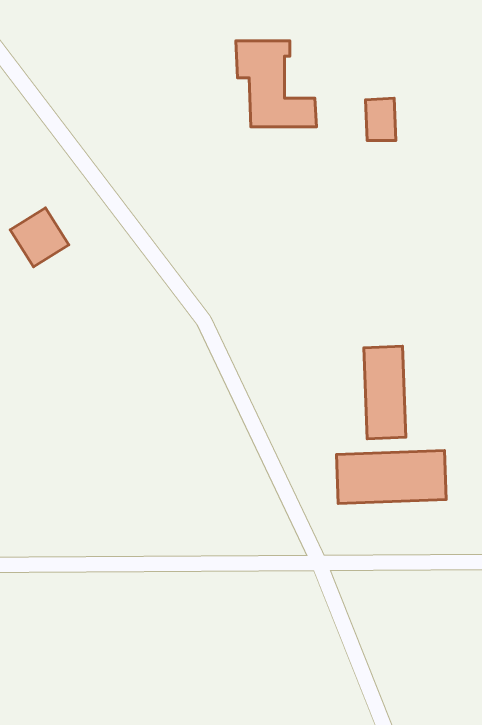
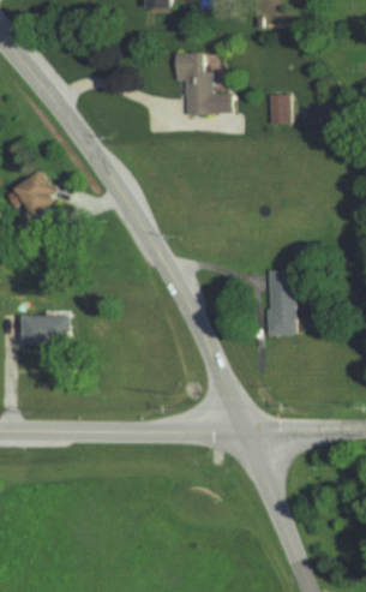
building: none -> [22,315,68,345]
building: [337,451,446,504] -> none

